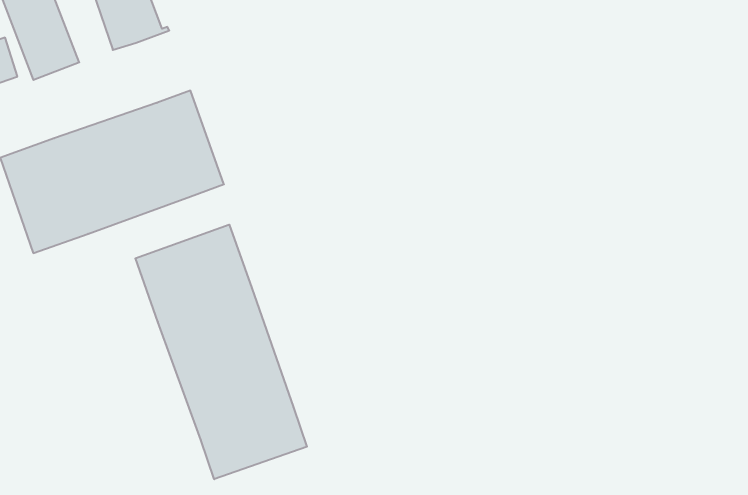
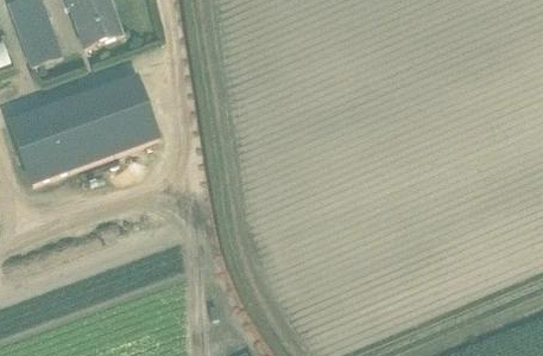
building: [135,225,307,479] -> none

